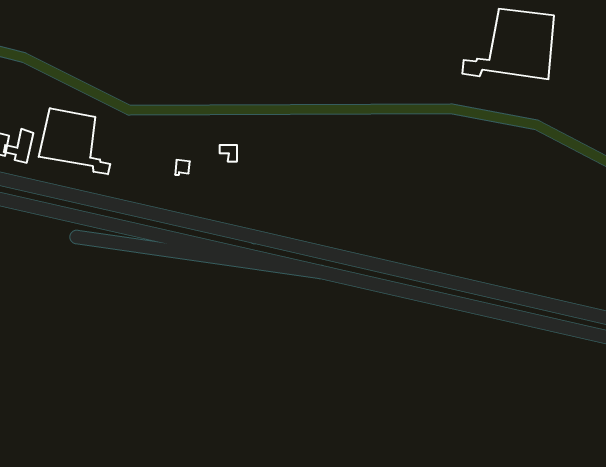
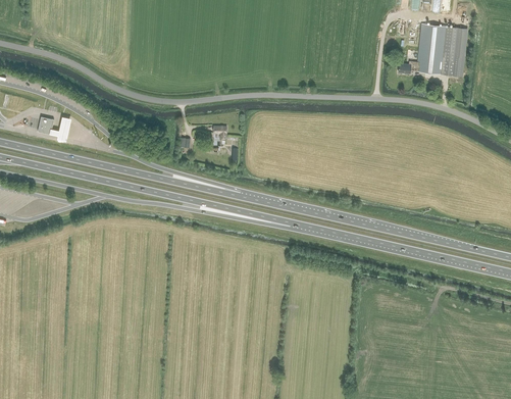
building: [39,108,110,174] -> none

